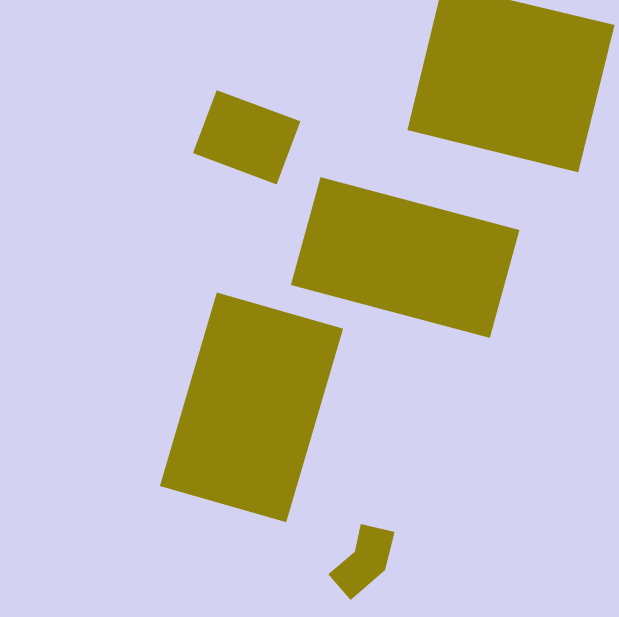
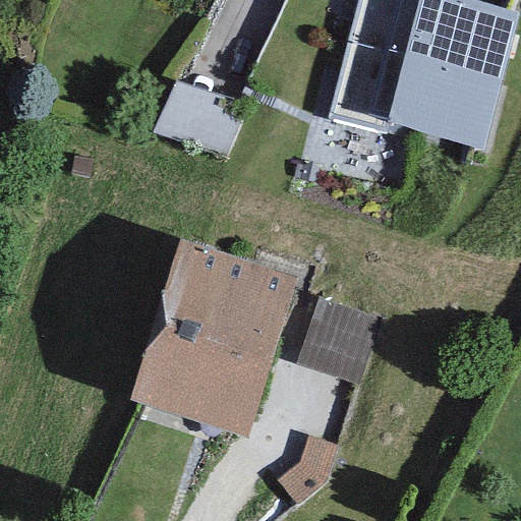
building: [290,176,521,339] -> none
building: none -> [302,300,367,373]

